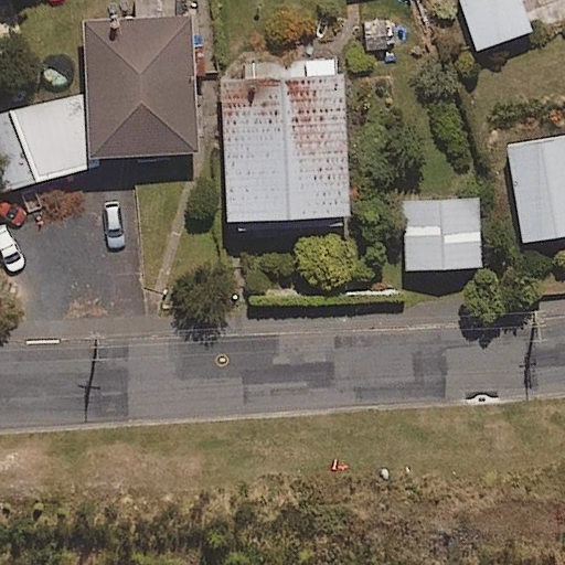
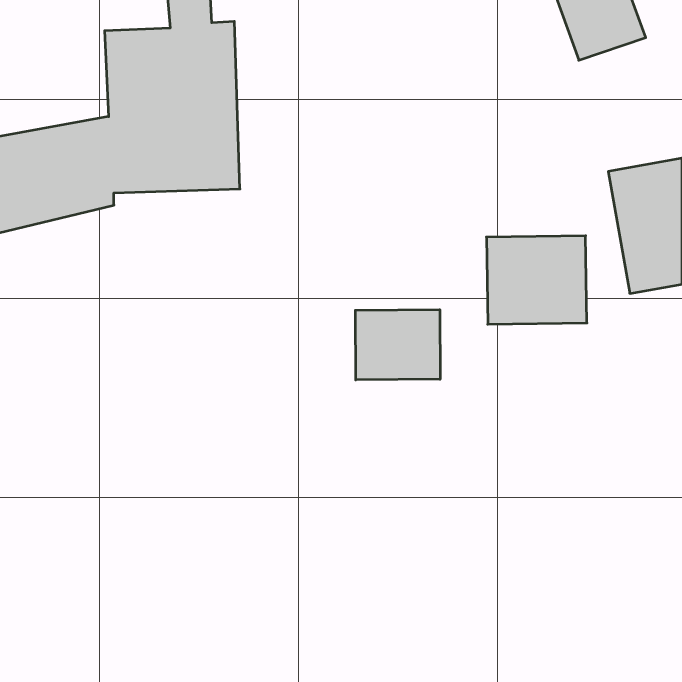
building: [226,63,341,223] -> none
building: none -> [355,310,440,380]

